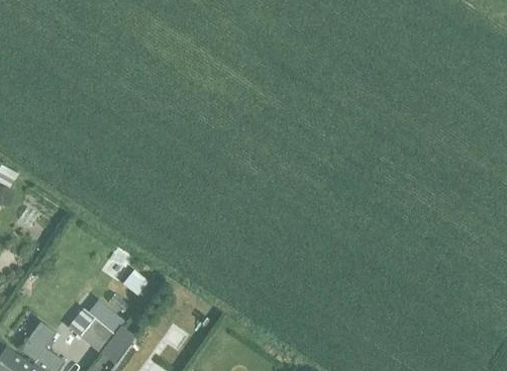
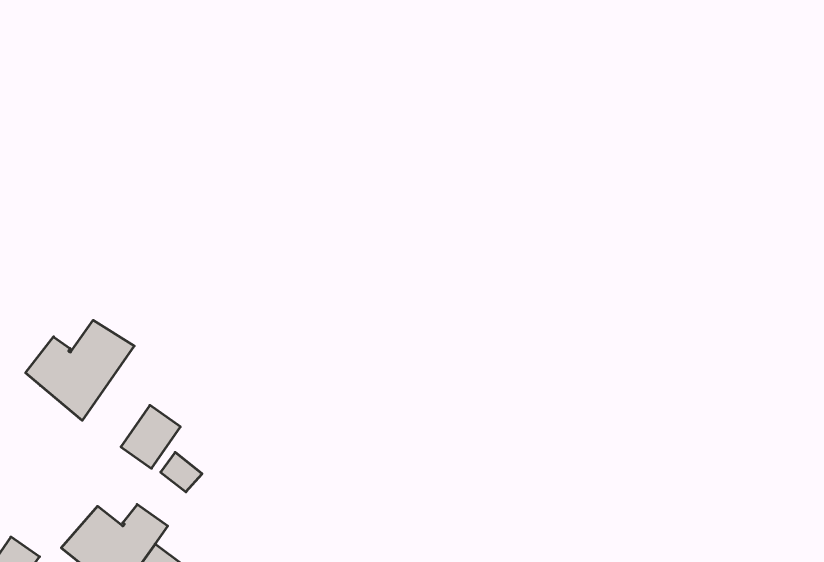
building: none -> [26,320,134,420]

